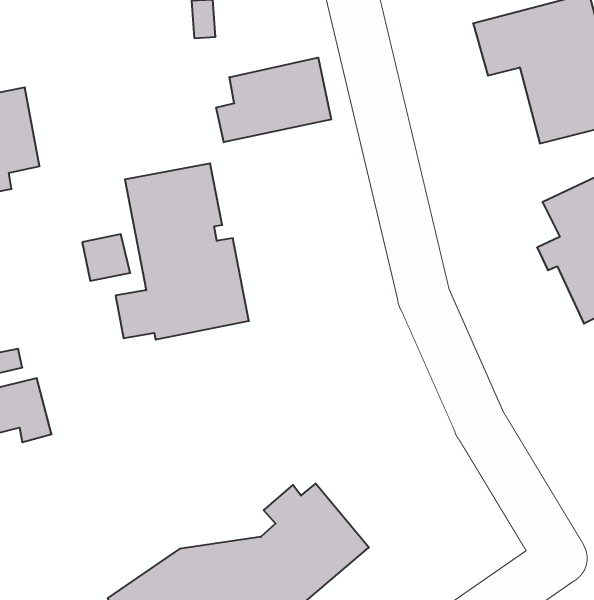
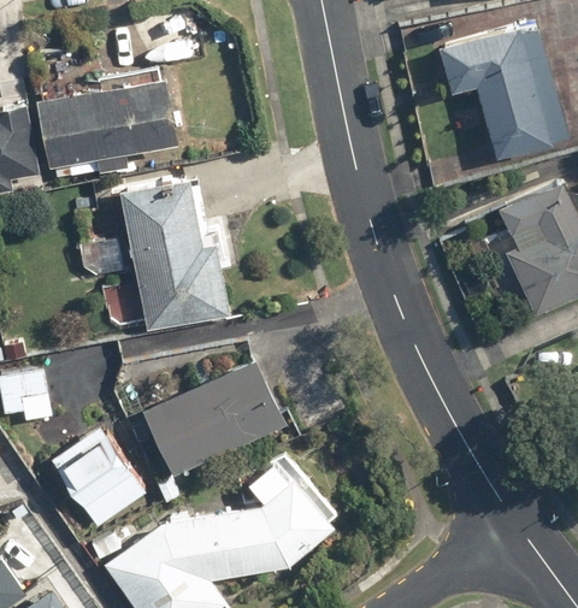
building: none -> [33,70,179,185]
building: [216,58,331,142] -> none
building: none -> [141,359,284,477]
building: none -> [51,427,146,527]

